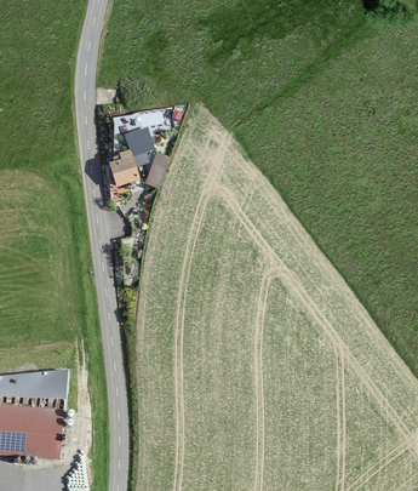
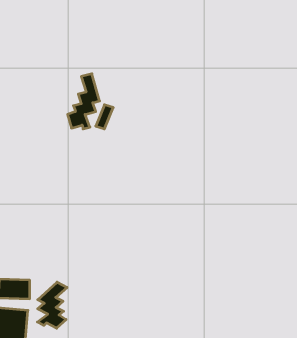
building: none -> [37,282,67,328]

